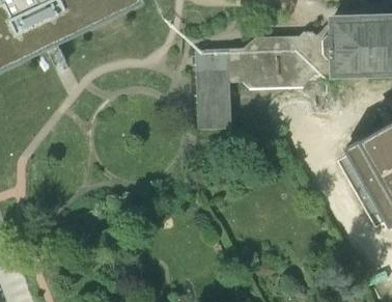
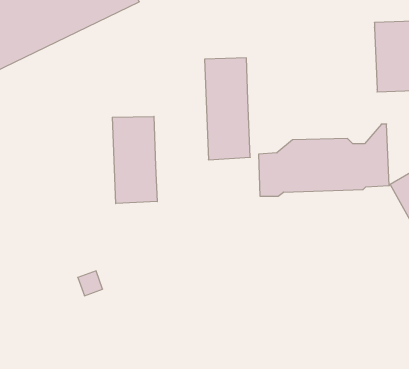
building: [228,24,332,81] -> [259,124,389,196]
building: none -> [112,116,157,204]

